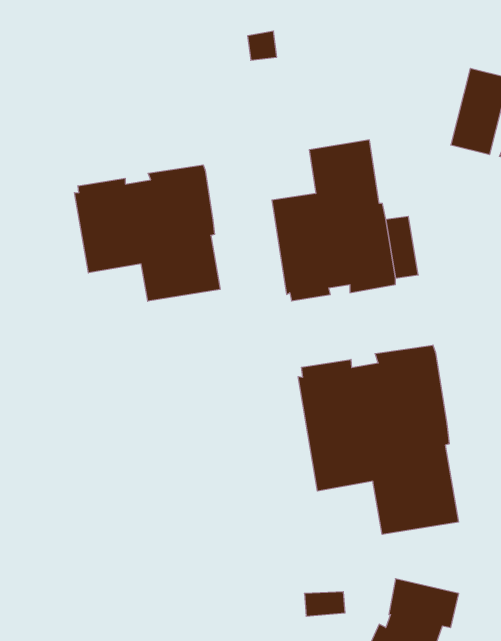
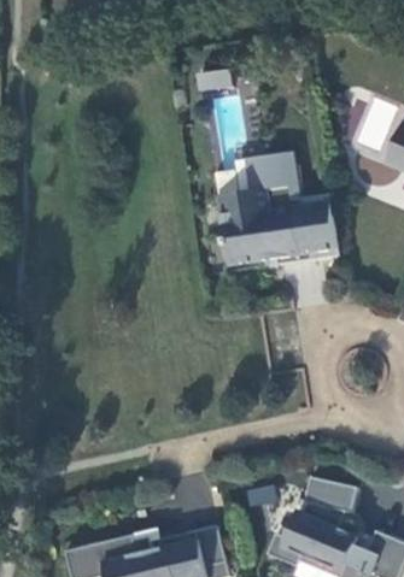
building: [75,165,220,301] -> none
building: [298,345,458,534] -> none

